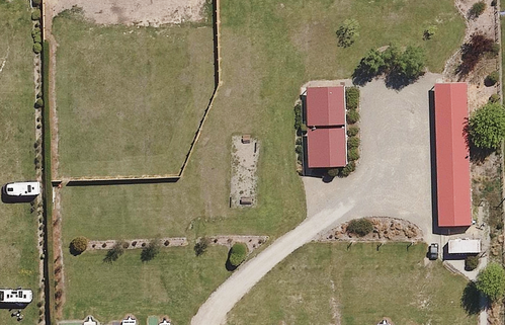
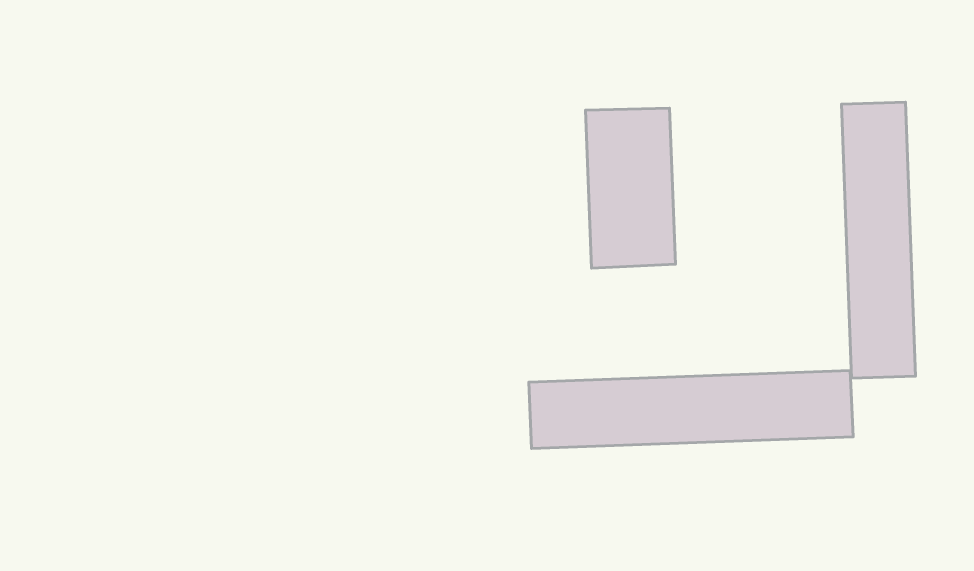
building: none -> [529,370,853,448]

